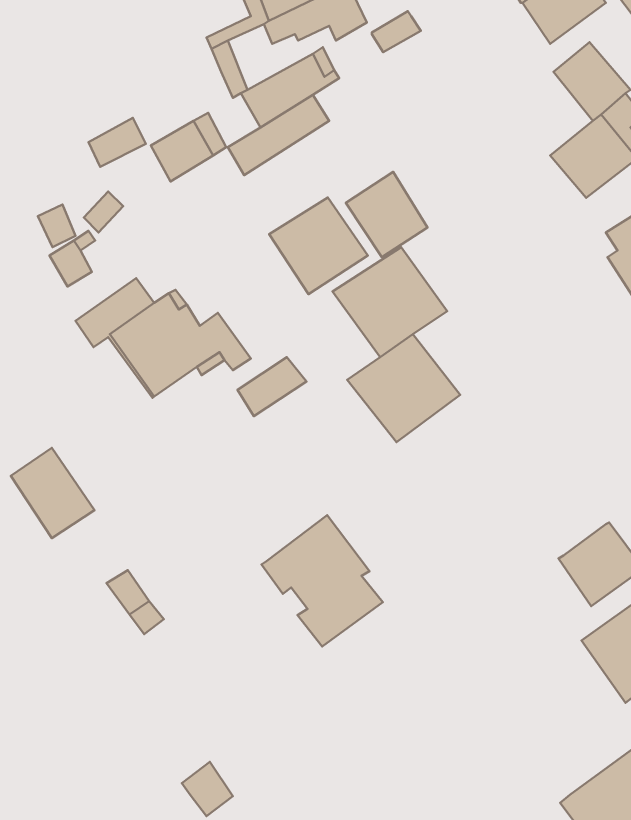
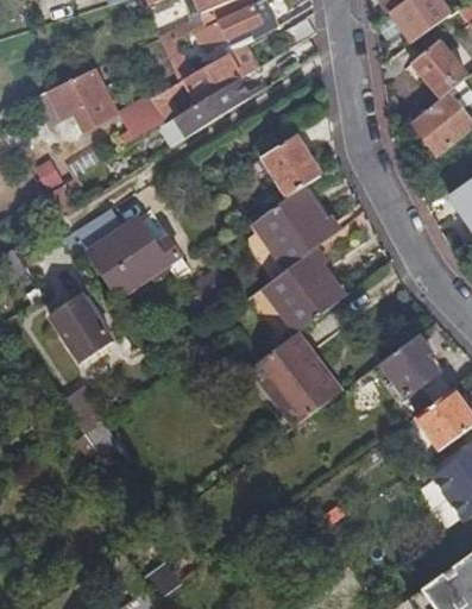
building: none -> [48,68,112,119]
building: [269,197,368,294] -> none
building: [11,448,94,538] -> [52,296,113,362]
building: none -> [378,335,449,413]
building: [262,515,383,646] -> [250,331,338,426]

